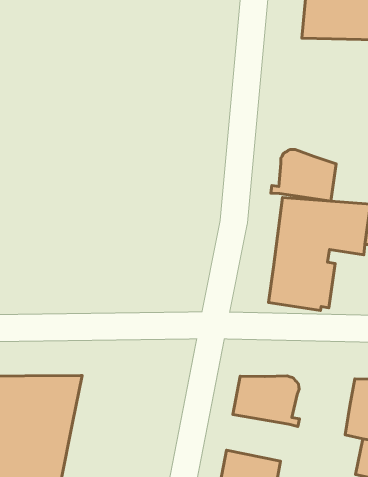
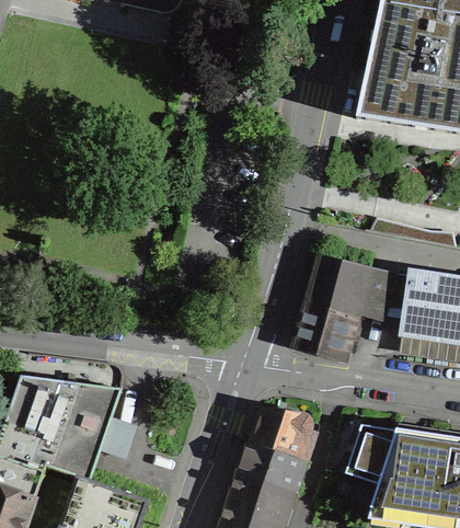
building: [271,149,336,201] -> none
building: none -> [240,440,298,487]

